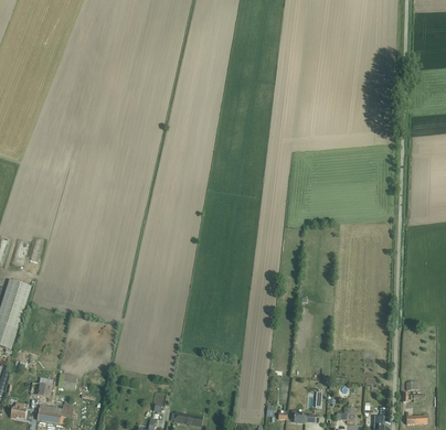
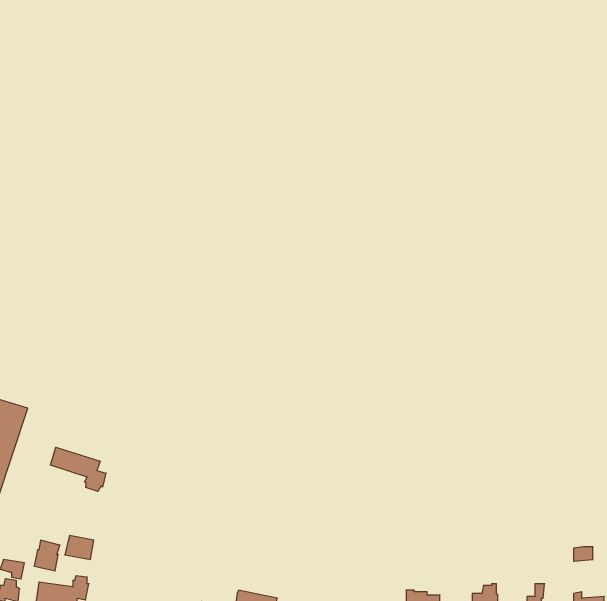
building: none -> [50,447,106,491]

